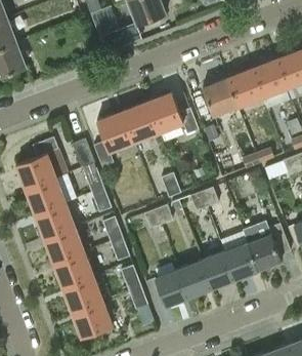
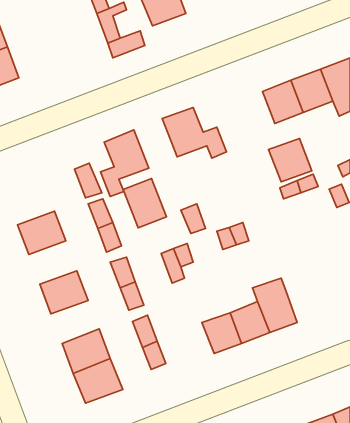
building: [203,79,239,115] -> [269,139,312,182]
building: [122,102,158,143] -> [123,178,166,228]
building: [16,139,58,190] -> none
building: [35,203,75,239] -> none
building: [248,224,290,271] -> none
building: [53,252,93,288] -> none
building: [155,271,188,306] -> none

